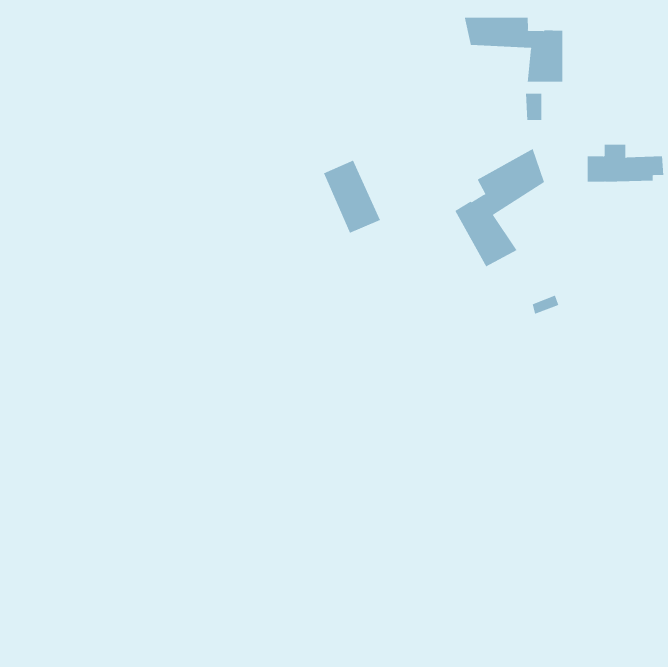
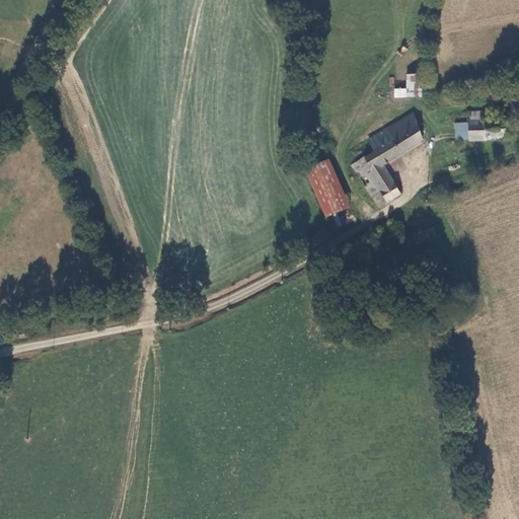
building: [464,17,563,83] -> none
building: [323,160,381,233] -> [305,157,350,214]

